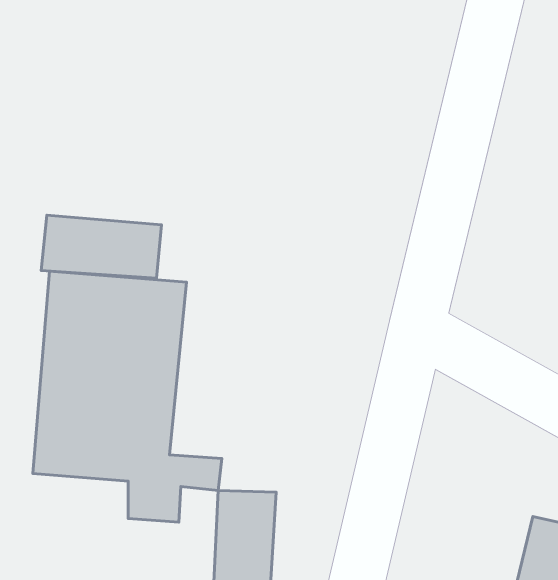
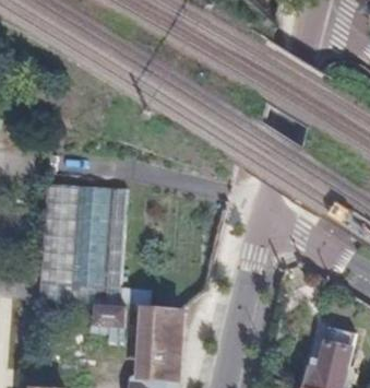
building: [41,215,162,278] -> none

